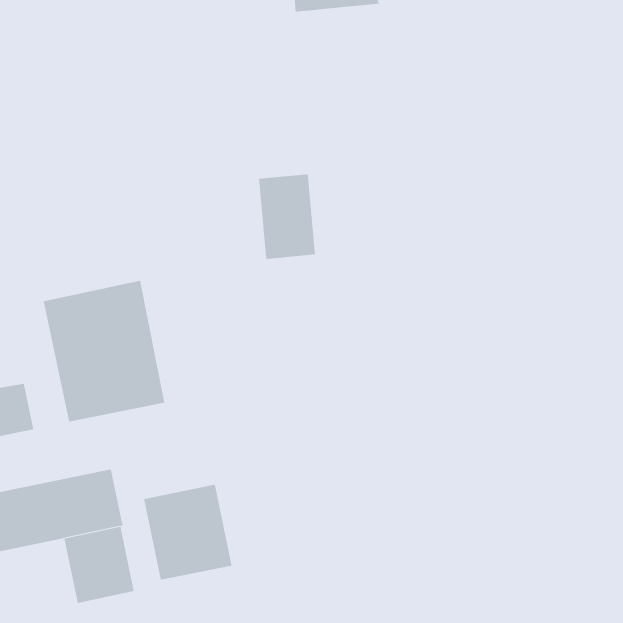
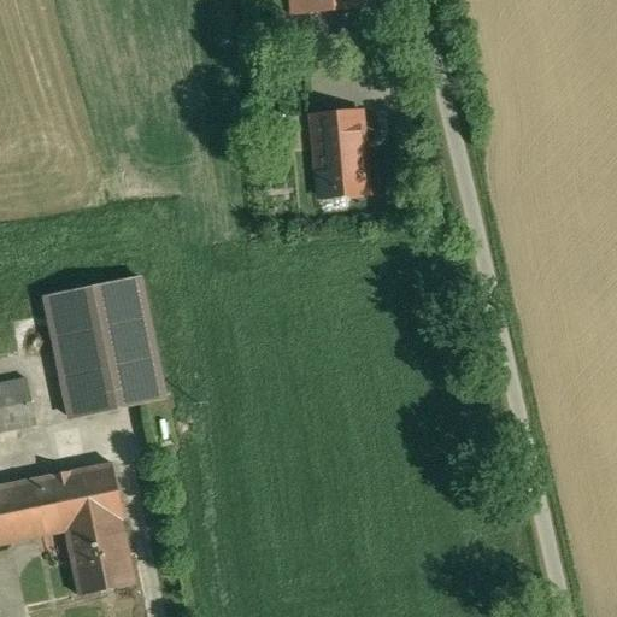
building: [258,174,316,259] -> [310,111,366,195]
building: [144,484,232,581] -> none

